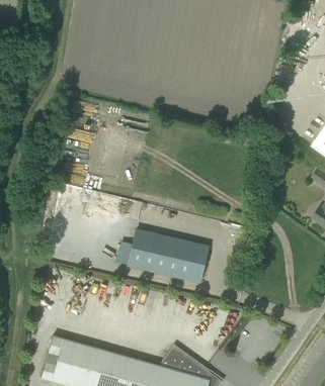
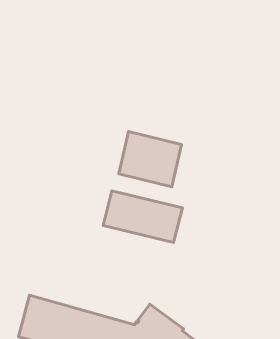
building: none -> [119,132,182,187]

